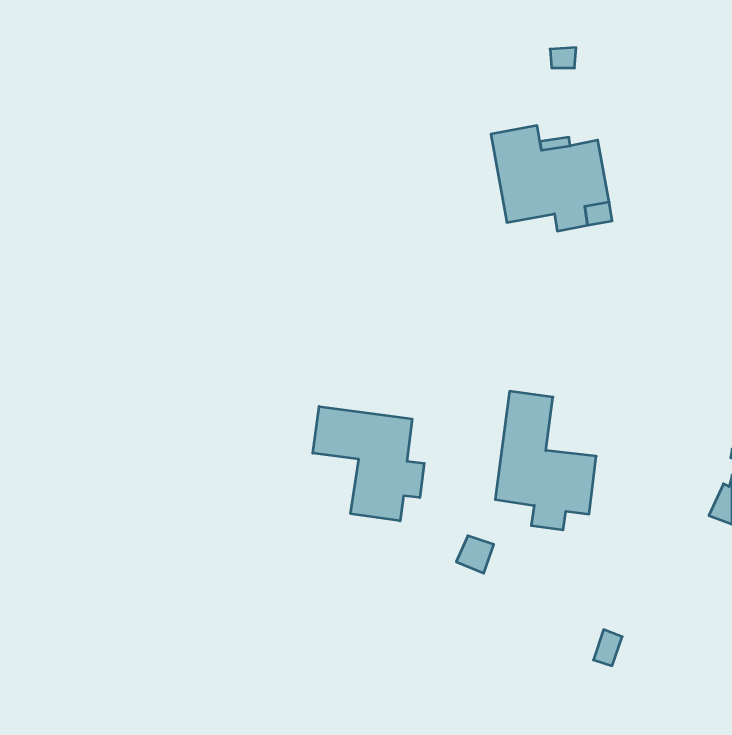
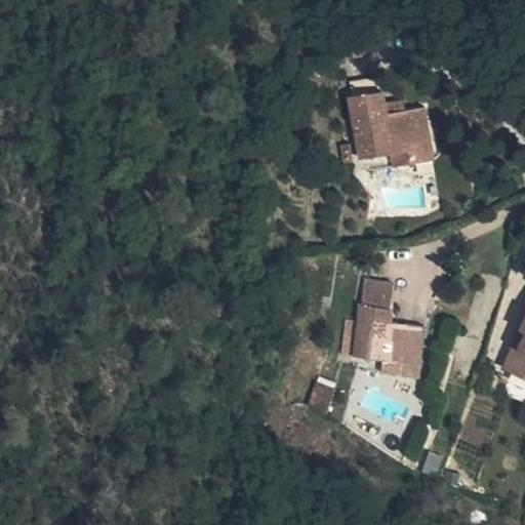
building: [313,406,424,521] -> none

